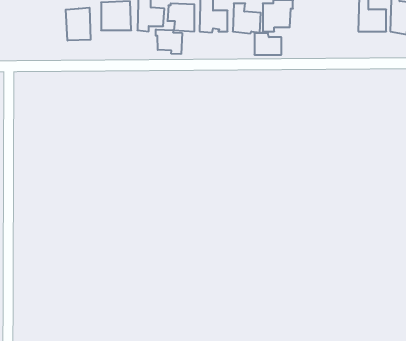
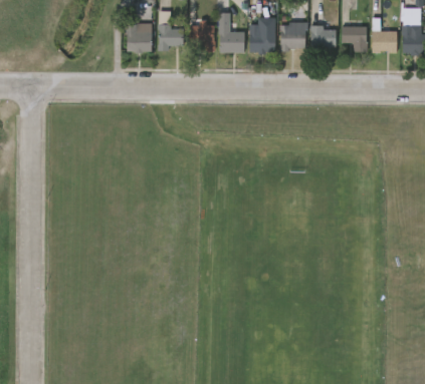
building: none -> [342,26,368,52]
building: [66,8,91,41] -> none
building: [156,29,182,54] -> none
building: [254,33,281,55] -> [310,26,337,47]

